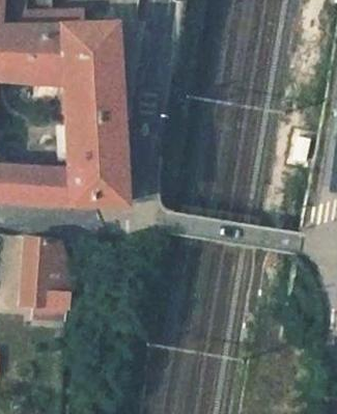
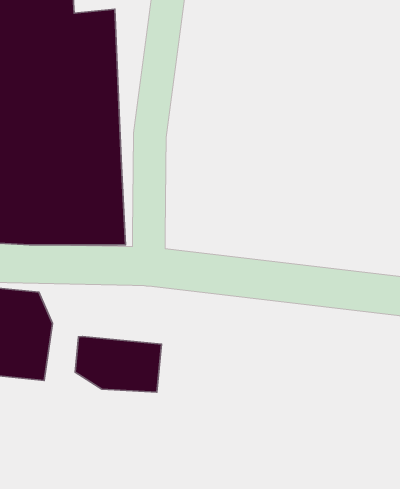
building: none -> [75,337,161,392]

